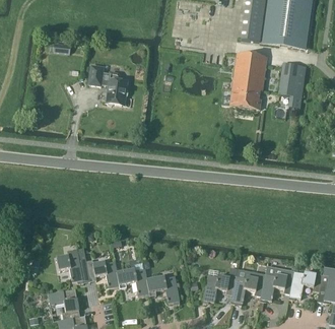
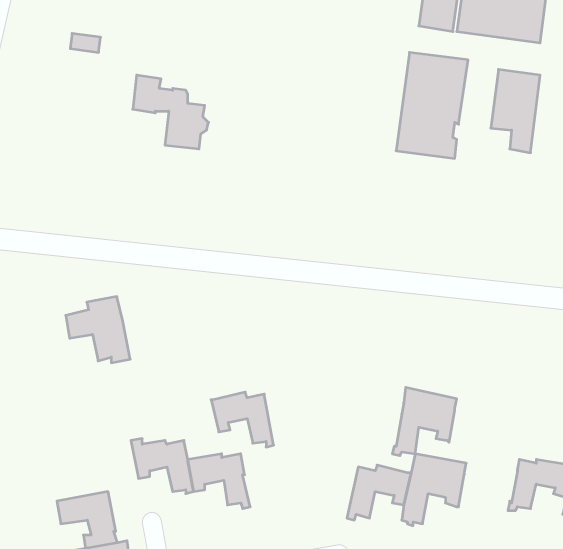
building: [56,248,90,283] -> [66,297,130,363]
building: [260,265,294,302] -> [392,387,457,456]
building: [146,275,180,305] -> [211,392,274,447]

